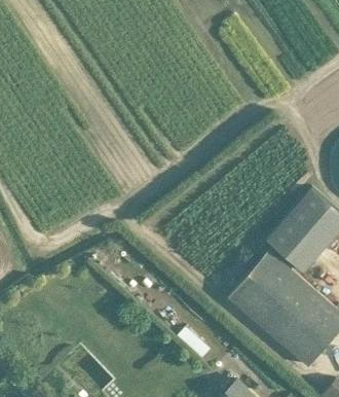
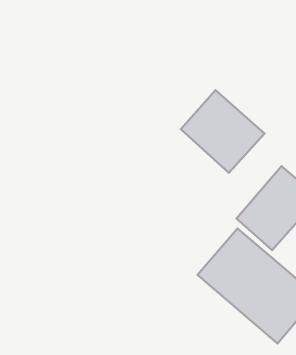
building: none -> [181,90,264,173]

